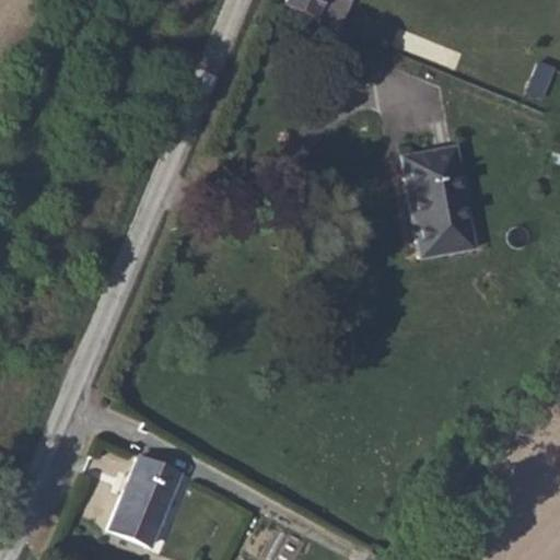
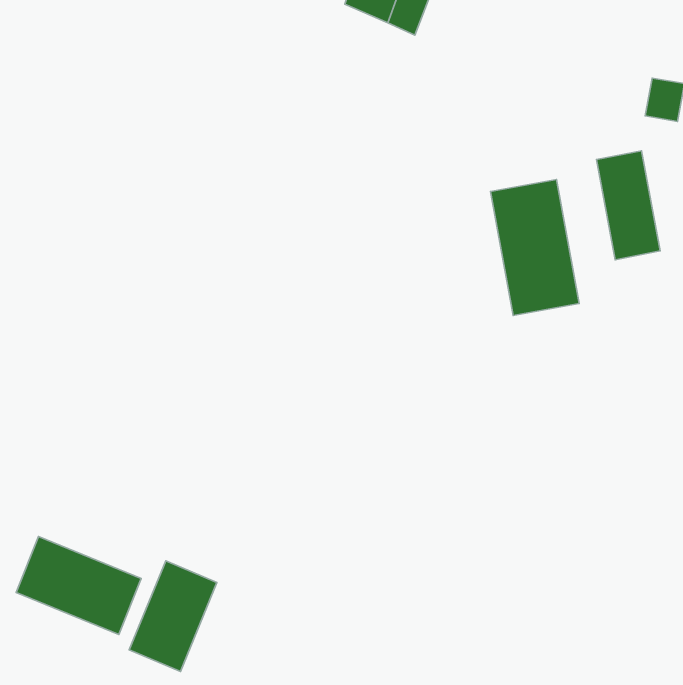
building: none -> [597,151,660,260]
building: none -> [16,536,141,635]

